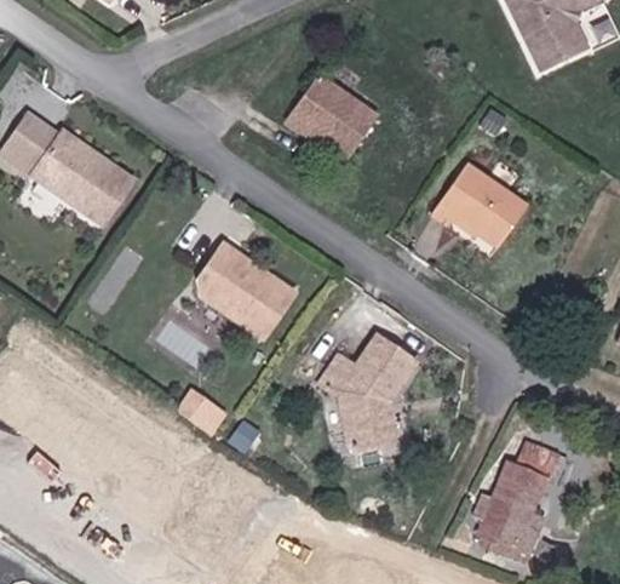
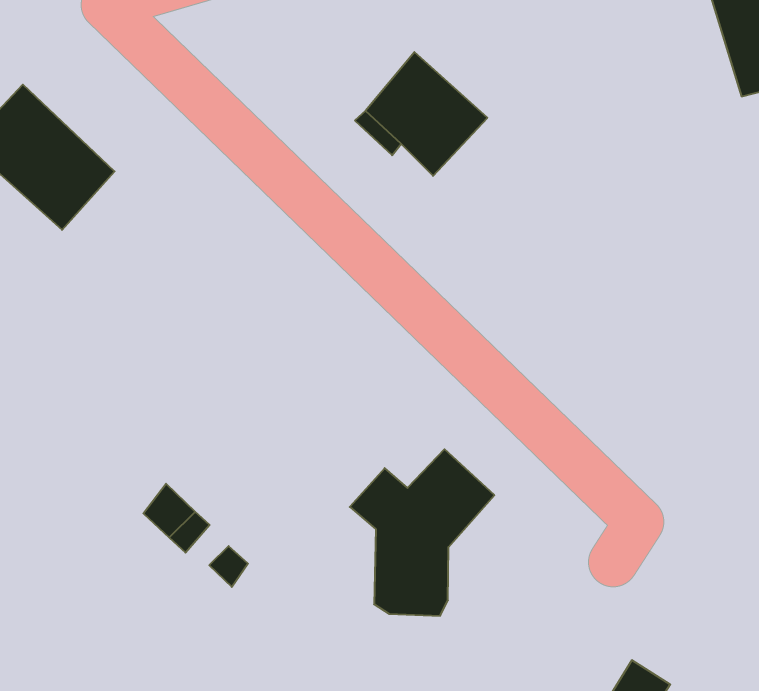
building: [438,156,527,231] -> none
building: [201,239,295,330] -> none

